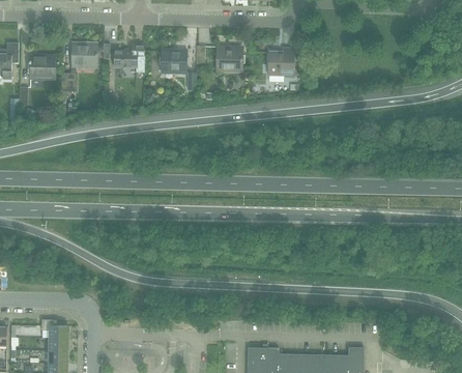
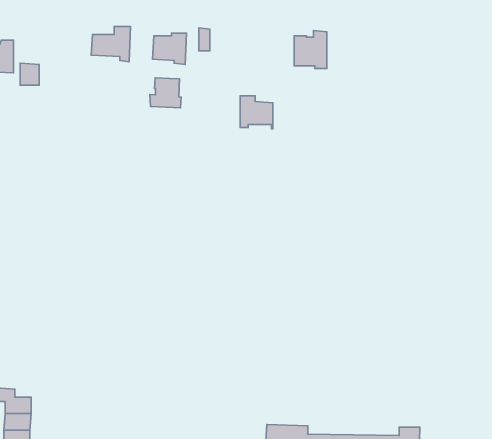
building: [70,42,95,66] -> none
building: [215,46,240,70] -> [240,96,273,129]
building: none -> [150,78,181,108]

